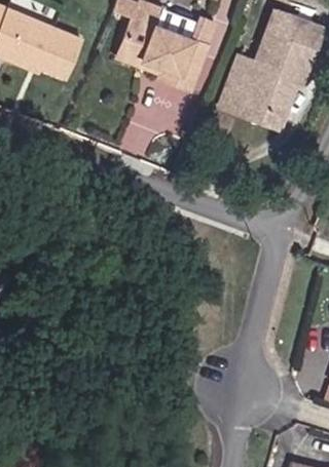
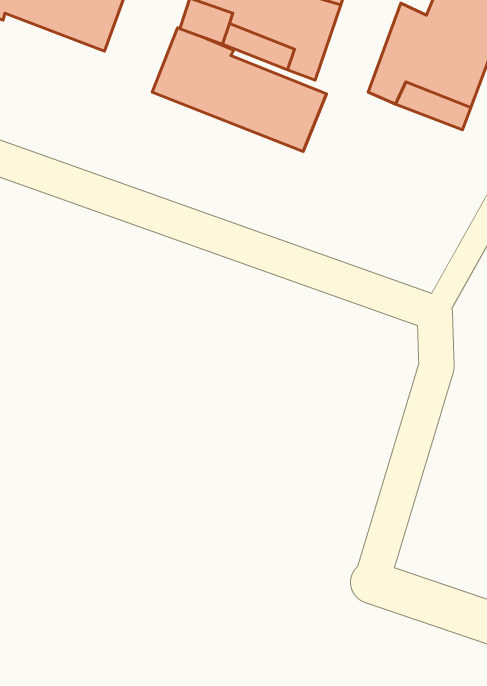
building: none -> [152,28,327,151]

